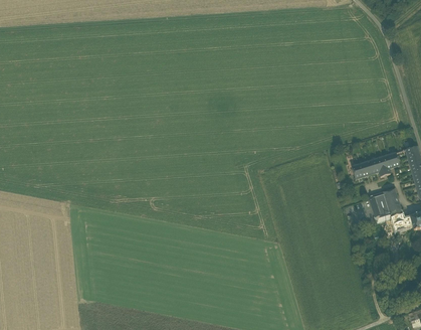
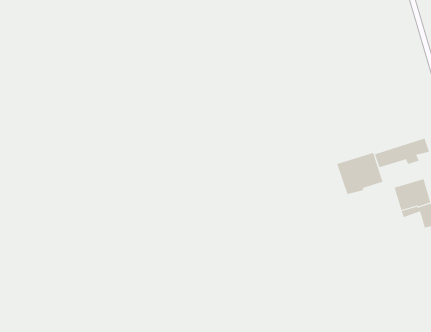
building: none -> [337,152,383,195]

